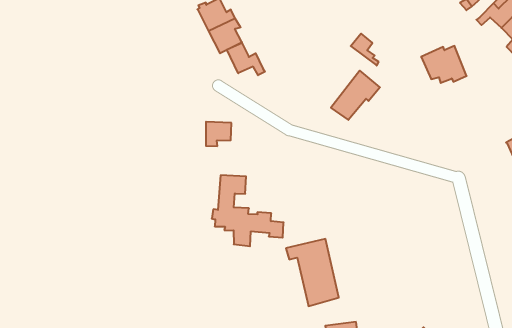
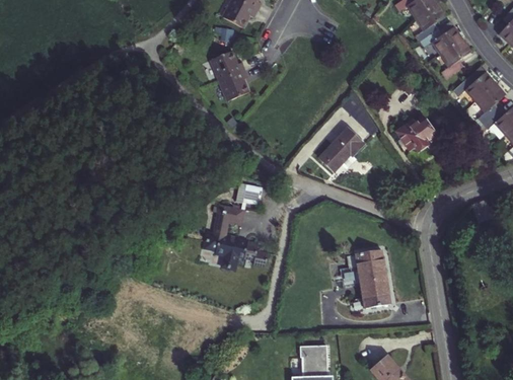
building: [227,43,265,75] -> none
building: [206,122,231,146] -> [236,181,261,204]
building: [286,239,339,306] -> [348,249,390,307]

